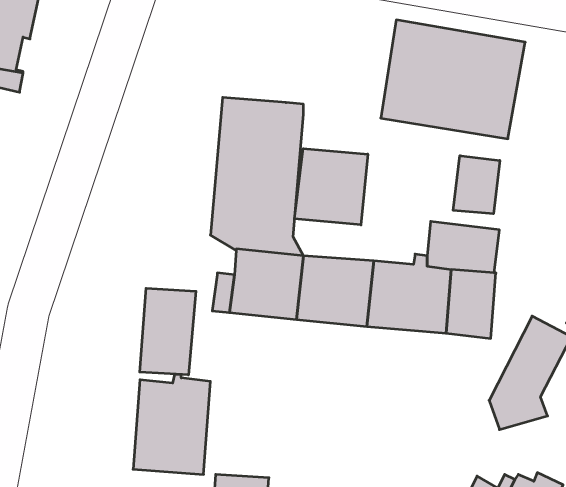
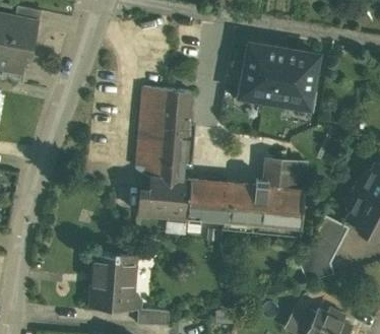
building: [295,149,368,225] -> none
building: [453,156,500,214] -> none
building: [140,288,196,375] -> none

